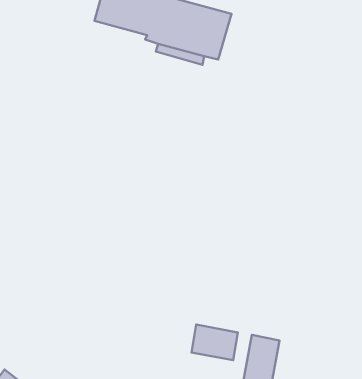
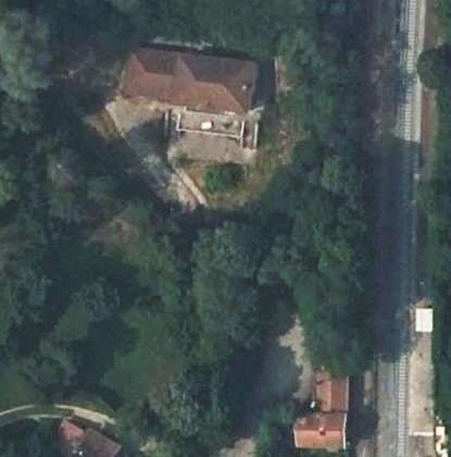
building: [191,325,238,360] -> none

